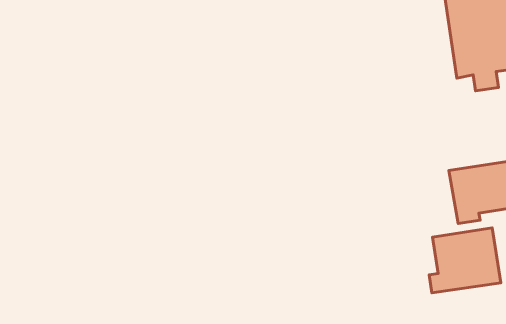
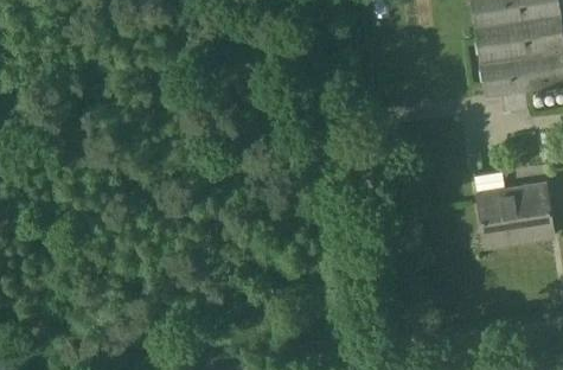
building: [429,228,501,293] -> none

